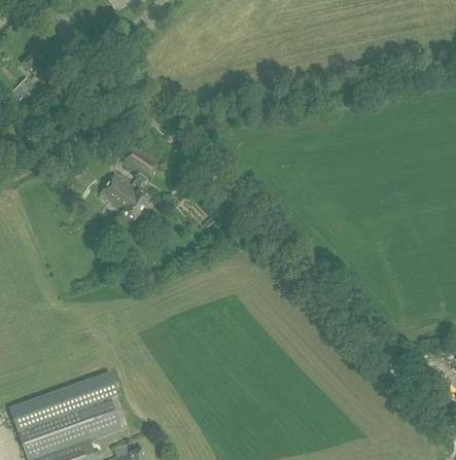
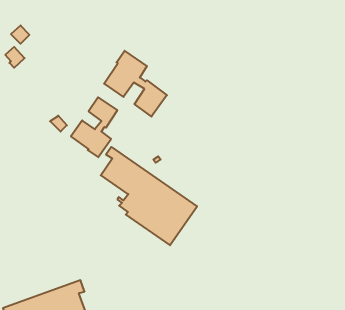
building: none -> [104,51,167,117]
building: none -> [101,147,197,245]

